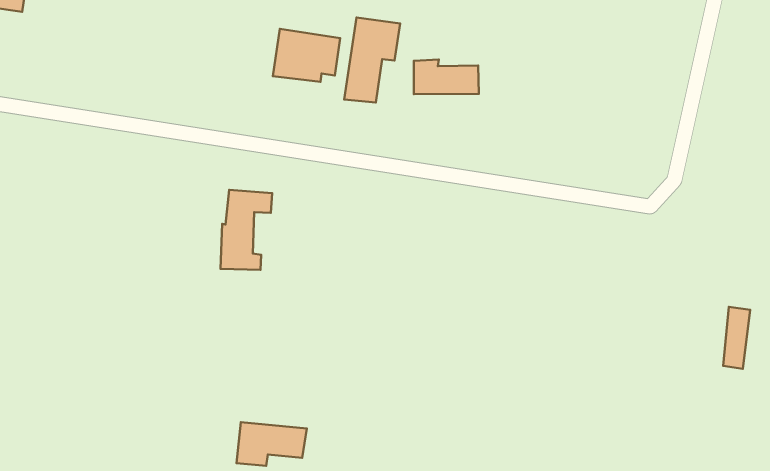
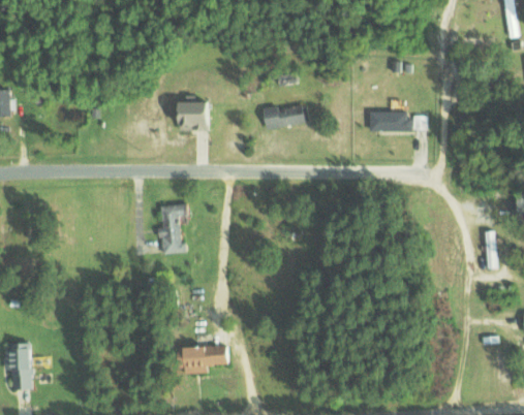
building: [344,17,400,103] -> none
building: none -> [370,110,426,131]

